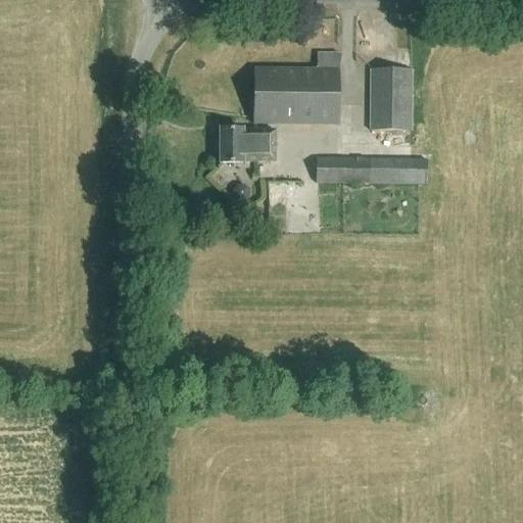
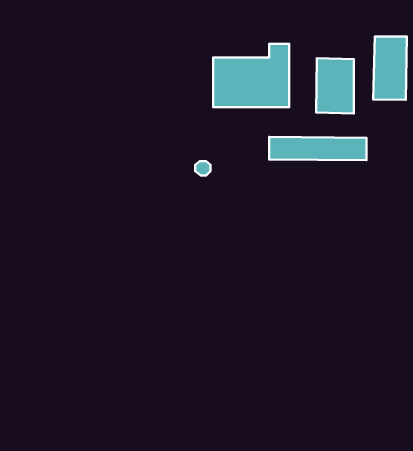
building: none -> [373,36,407,100]
building: [221,127,276,161] -> none

